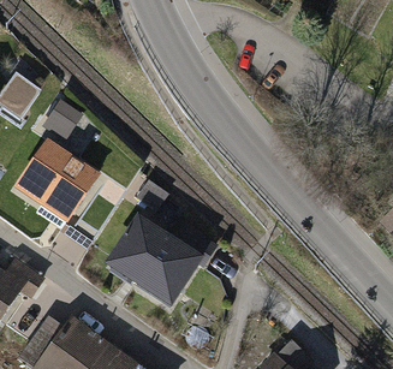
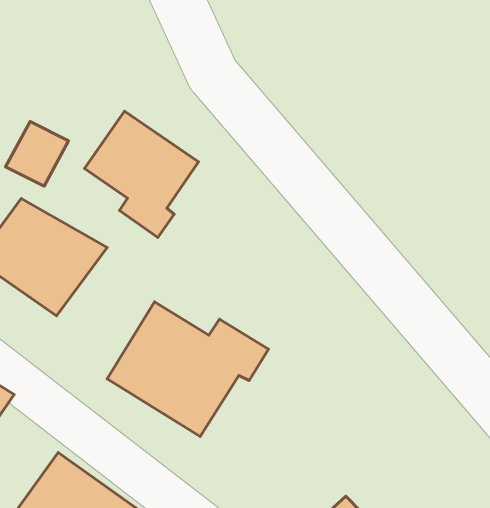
building: none -> [85,111,198,238]

